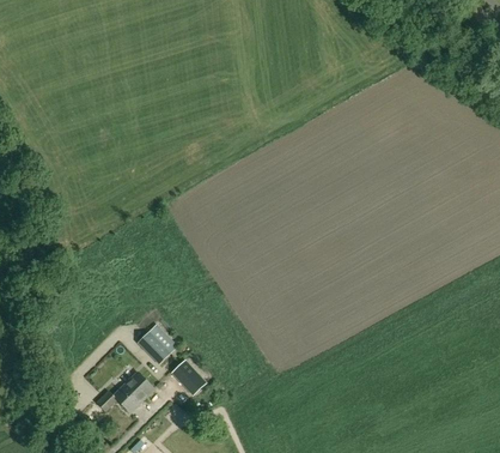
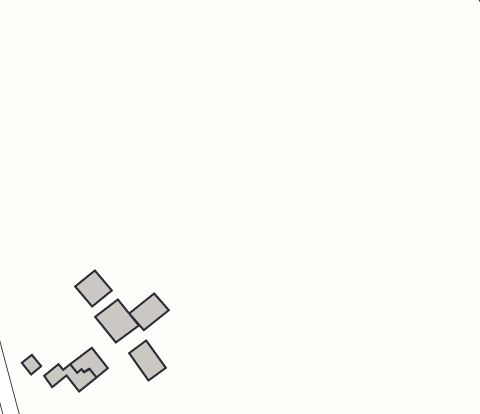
building: none -> [75,271,112,306]
building: none -> [129,293,169,330]

